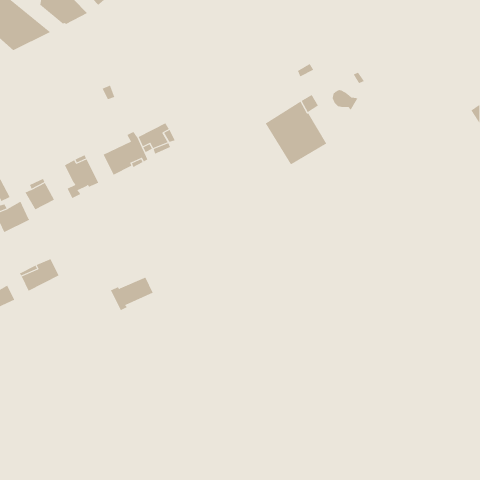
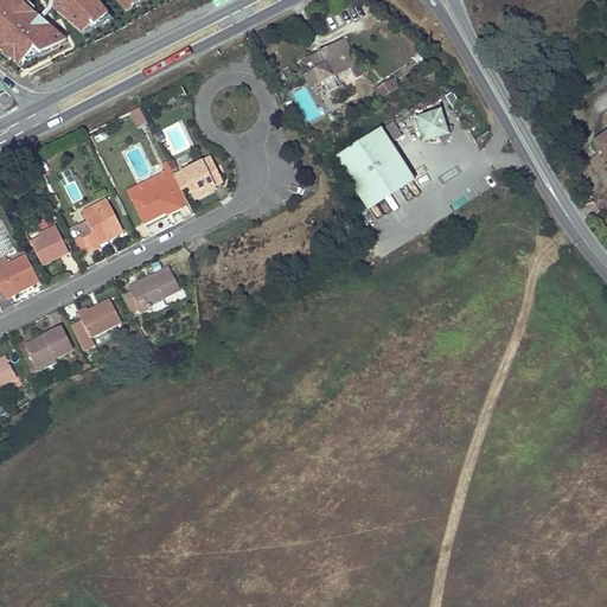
building: none -> [298,38,354,96]
building: none -> [78,298,122,336]
building: [110,277,153,311] -> [126,268,180,311]

